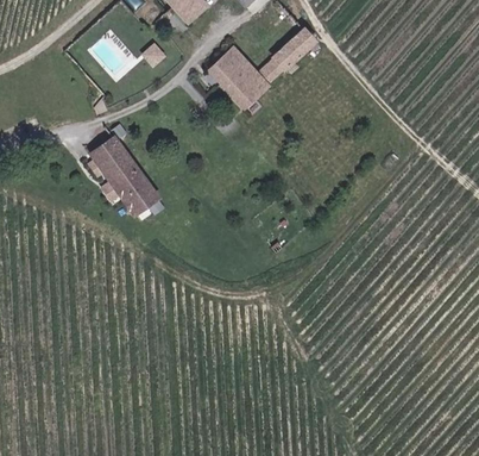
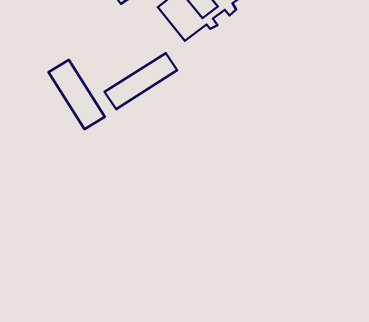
building: none -> [105,53,177,109]

